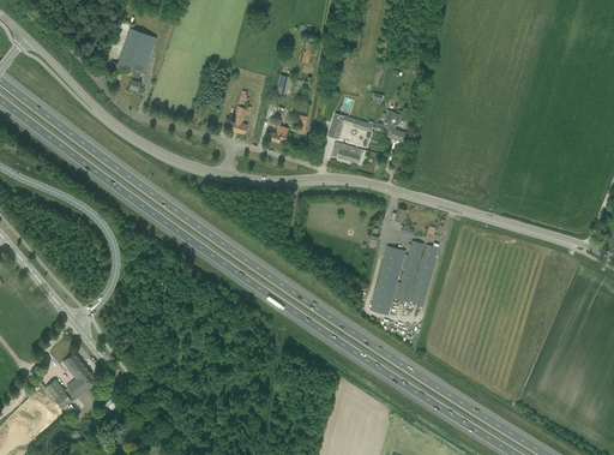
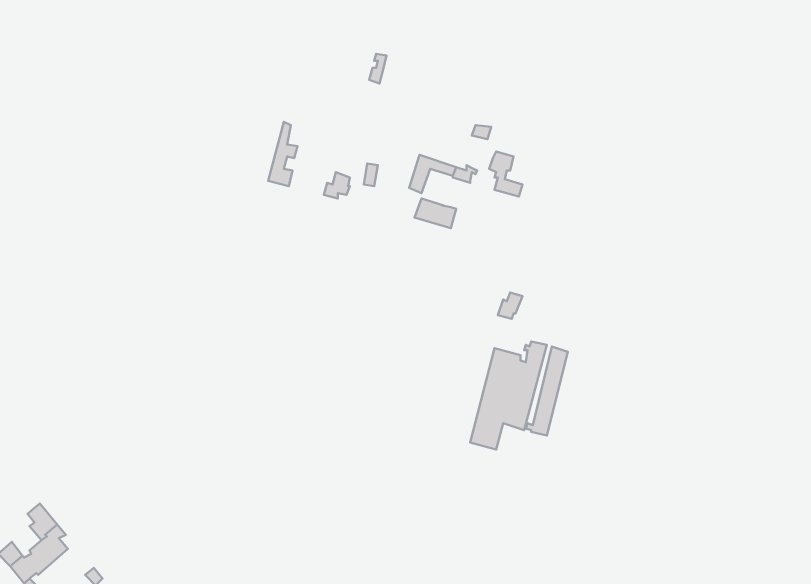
building: [119,29,157,90] -> none

